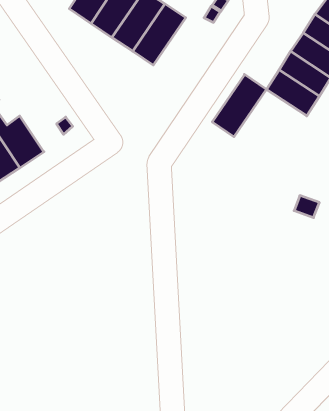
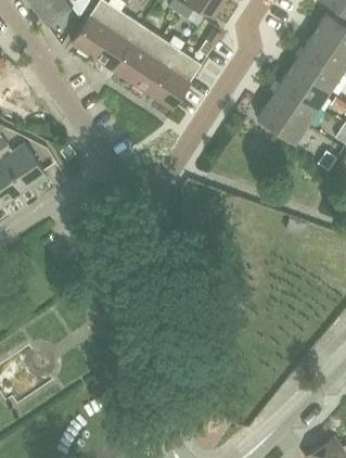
building: [212,74,266,137] -> [151,51,202,110]

